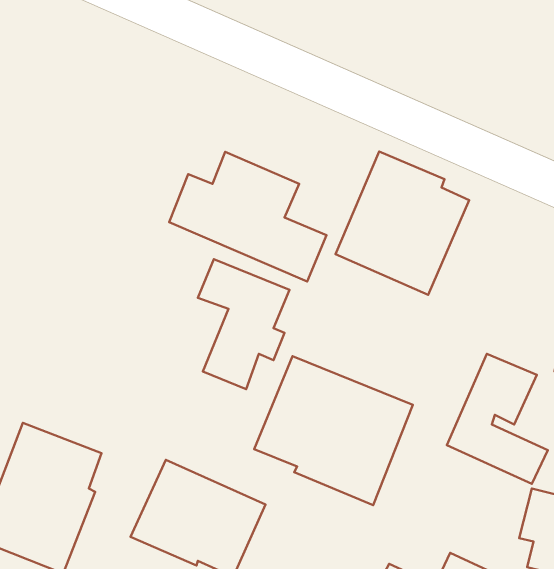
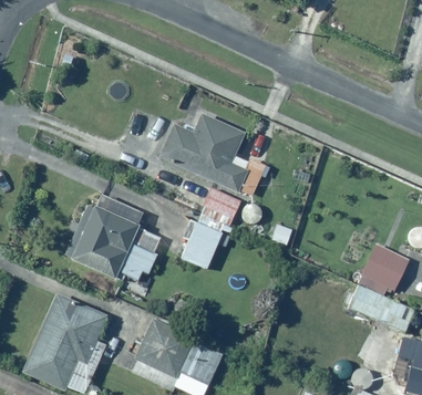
building: [335,152,469,295] -> none
building: none -> [70,201,161,282]
building: [254,356,413,505] -> none

